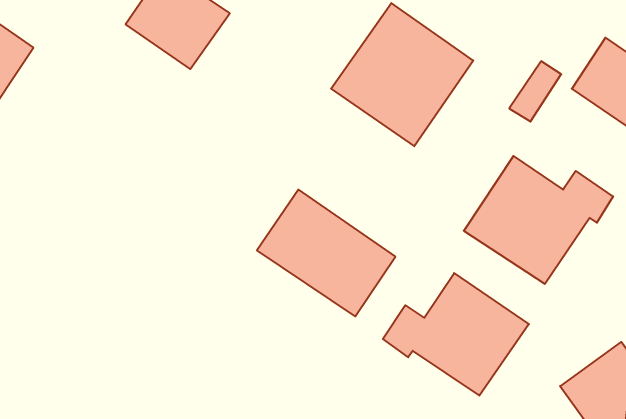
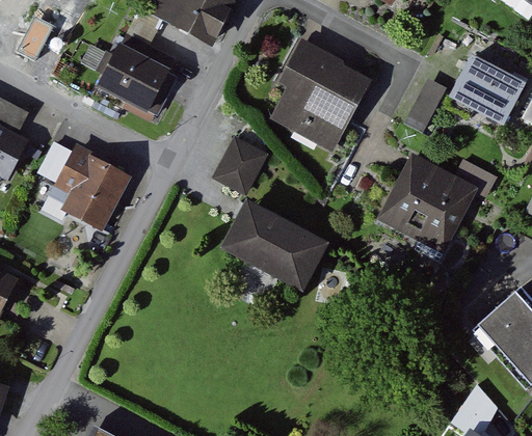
building: none -> [41,143,127,226]
building: none -> [214,134,271,195]
building: [383,273,529,396] -> none

